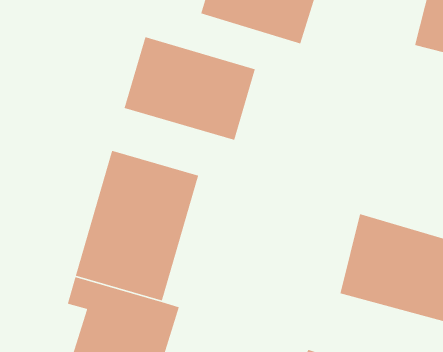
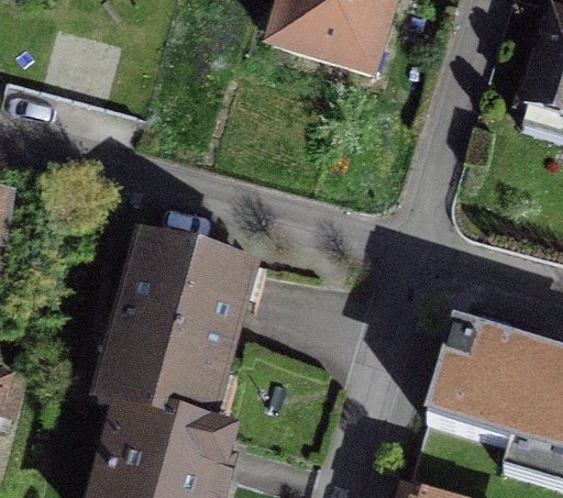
building: [124,36,256,141] -> none

